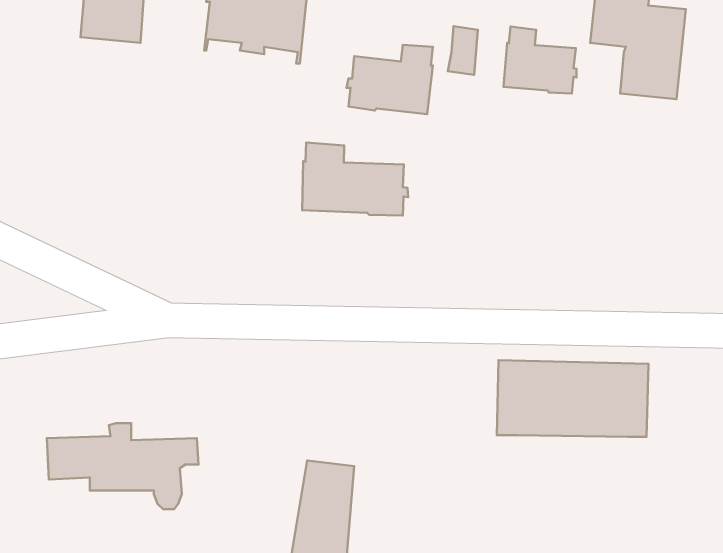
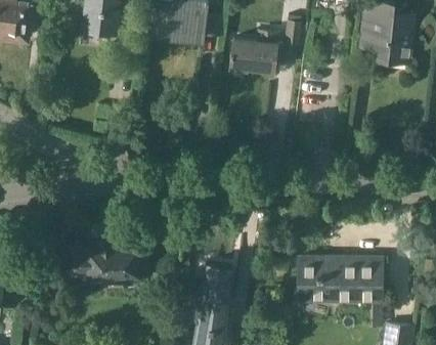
building: [504,27,577,94] -> none
building: [302,143,408,215] -> none
building: [497,360,648,437] -> [299,259,382,301]

